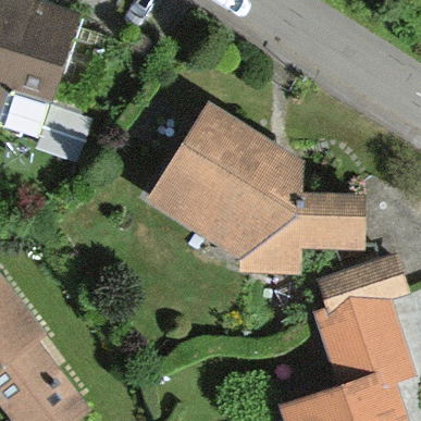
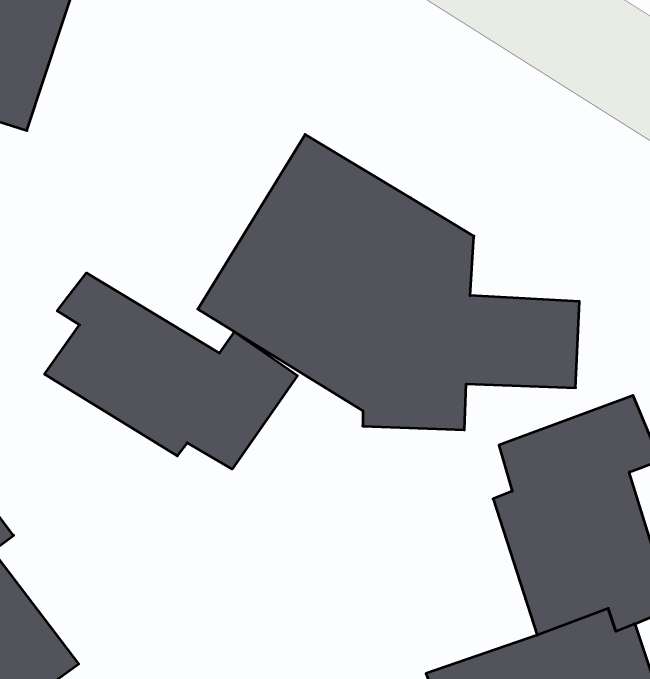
building: none -> [45,273,297,469]

